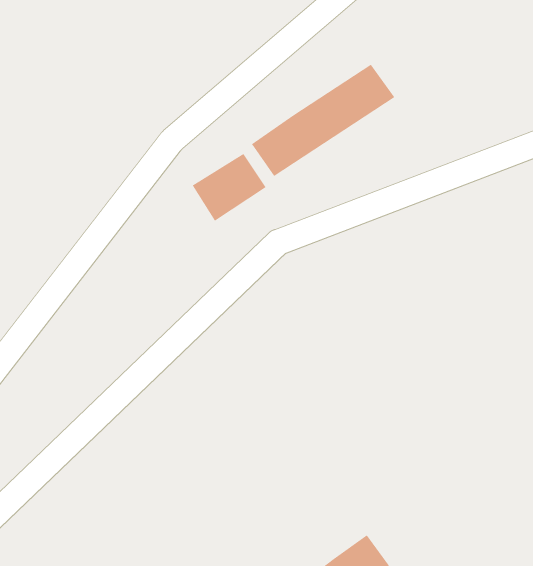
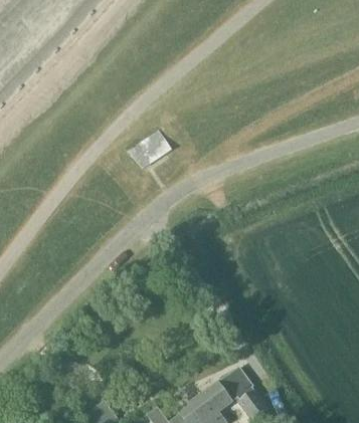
building: [251,64,395,177] -> none

